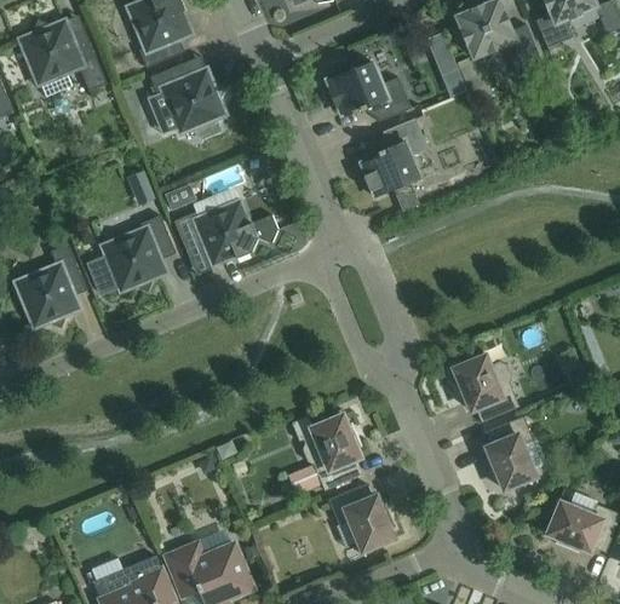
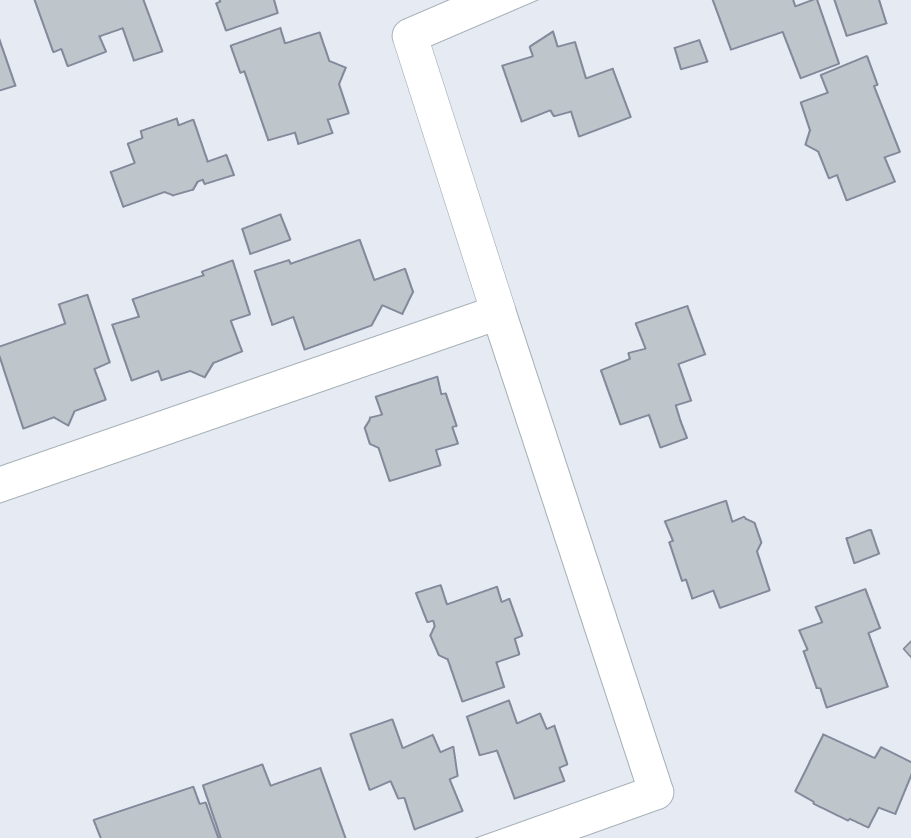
building: none -> [801,56,900,200]
building: [361,119,427,211] -> [601,306,705,447]
building: none -> [111,118,234,207]
building: none -> [365,377,458,481]
building: [481,416,540,494] -> [799,589,888,707]
building: none -> [350,719,462,830]

